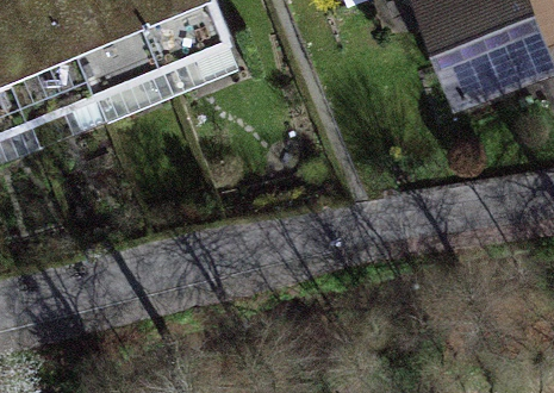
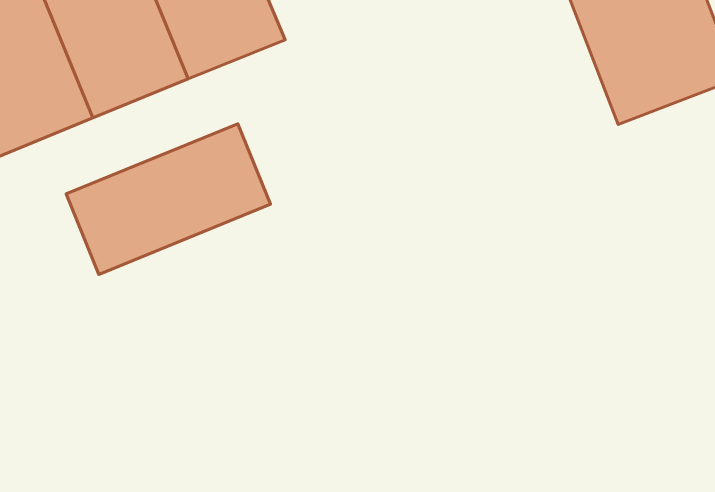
building: none -> [66,124,271,274]

